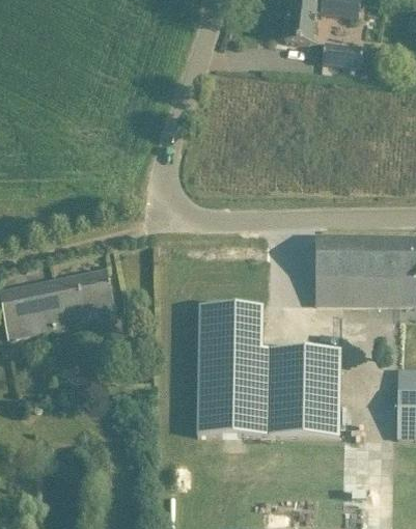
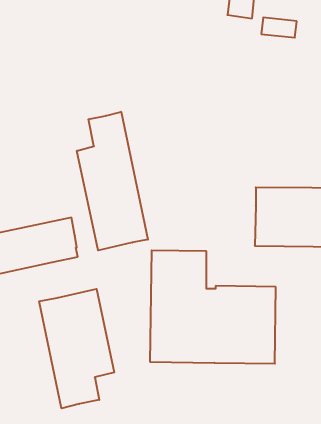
building: none -> [77,112,148,250]
building: none -> [39,289,114,408]

